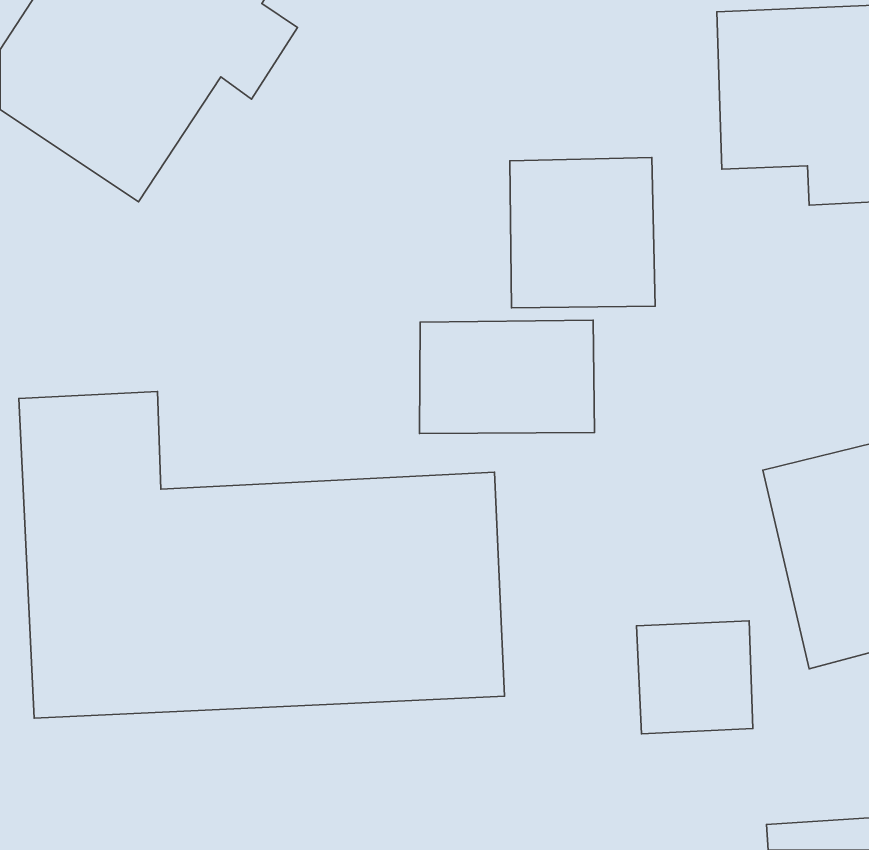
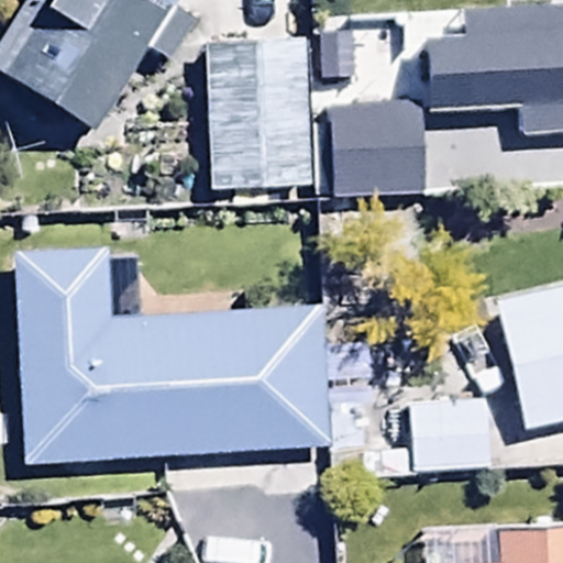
building: none -> [206,43,313,191]
building: [420,320,595,433] -> none

